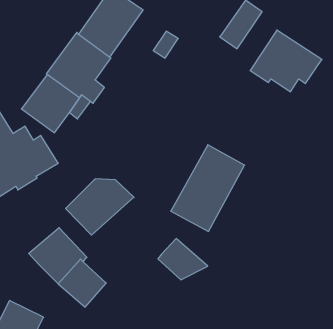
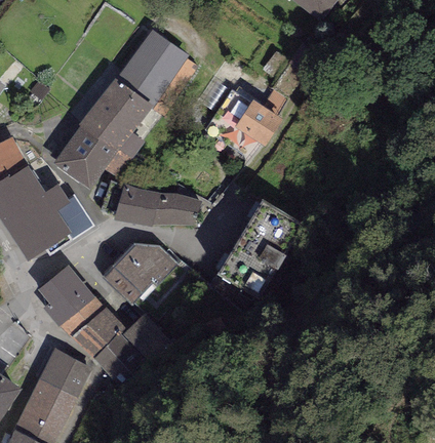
building: [250,30,322,92] -> [202,86,282,155]
building: none -> [113,184,201,227]
building: none -> [38,265,94,326]
building: [158,238,208,280] -> [121,311,176,357]
building: none -> [39,348,91,395]

